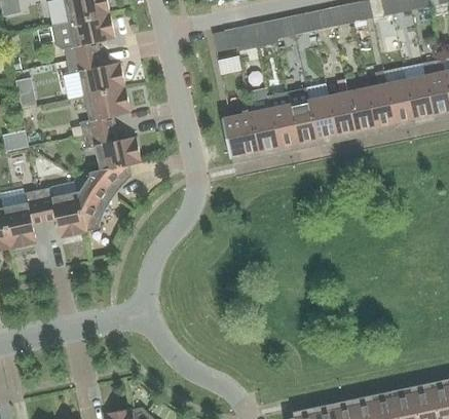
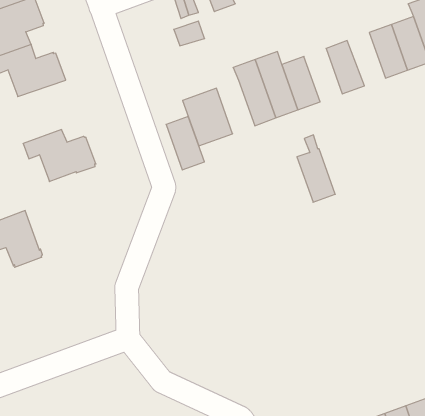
building: [328,78,356,135] -> [297,135,335,202]
building: [366,82,394,126] -> none
building: [79,86,130,135] -> none
building: [251,107,278,151] -> [166,116,204,170]
building: [76,164,125,226] -> none

